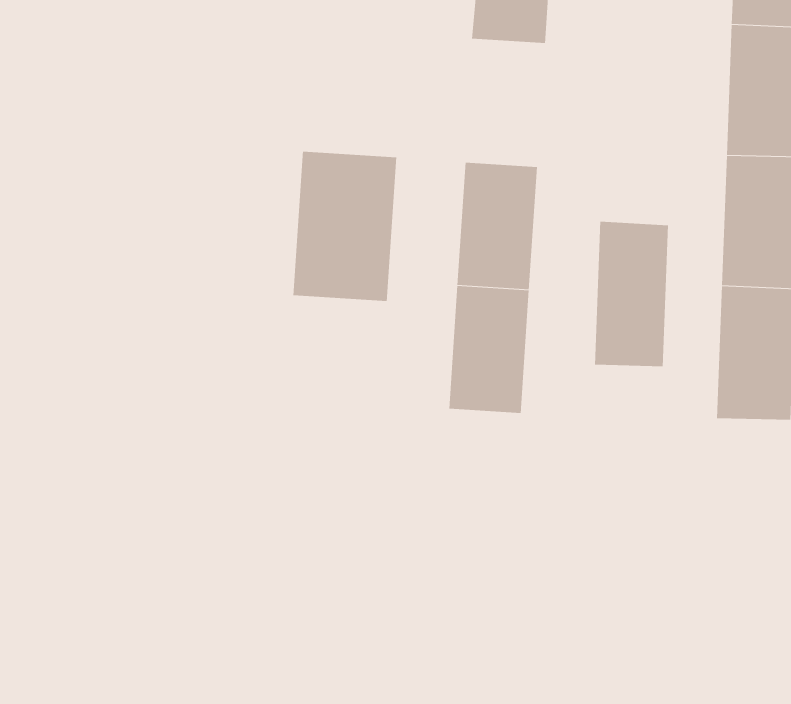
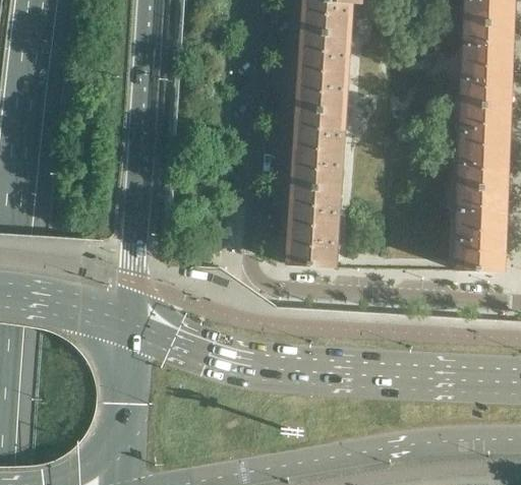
building: none -> [298,29,349,110]
building: [293,151,397,302] -> none
building: [594,221,668,367] -> none

